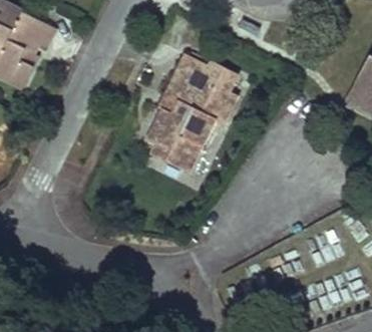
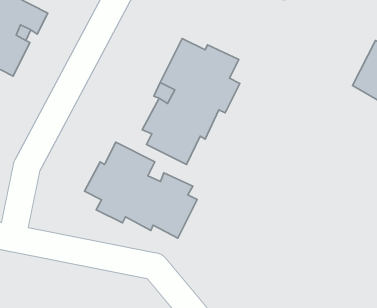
building: none -> [85,142,197,238]

